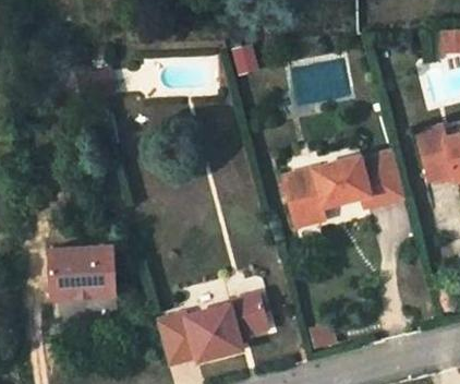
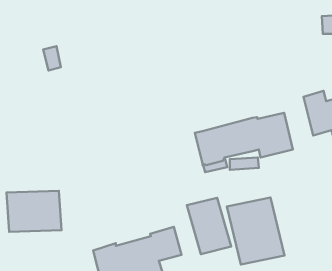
building: none -> [227,197,284,264]
building: none -> [187,198,231,254]

